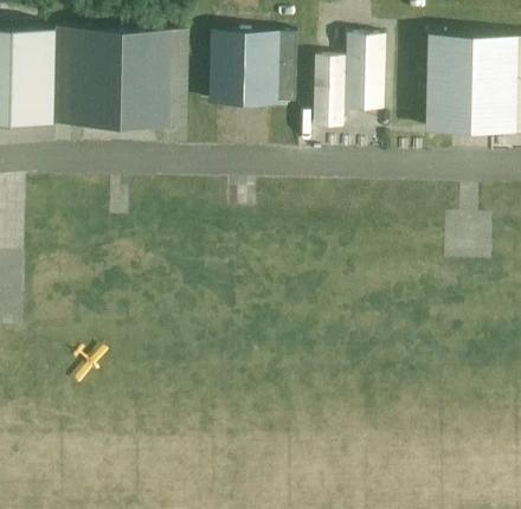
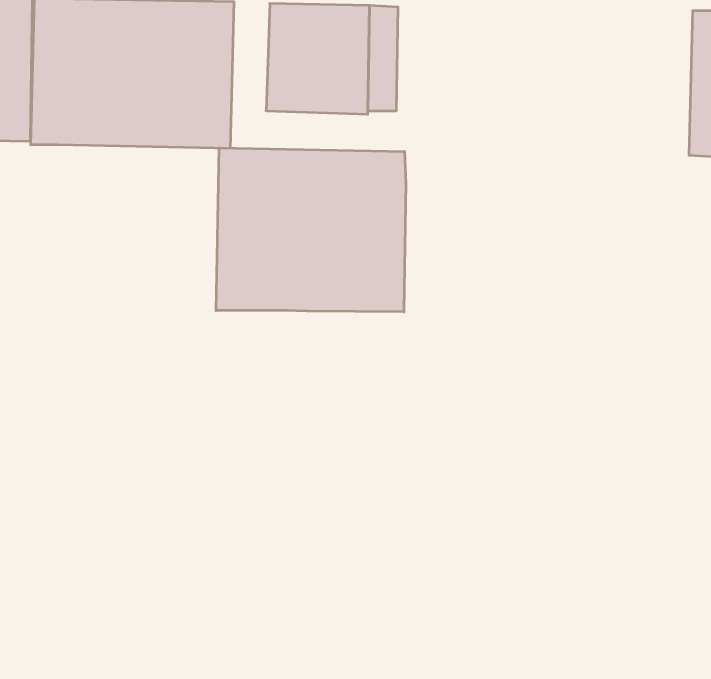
building: [425,36,491,133] -> none
building: [313,37,384,129] -> none
building: none -> [216,148,406,312]

